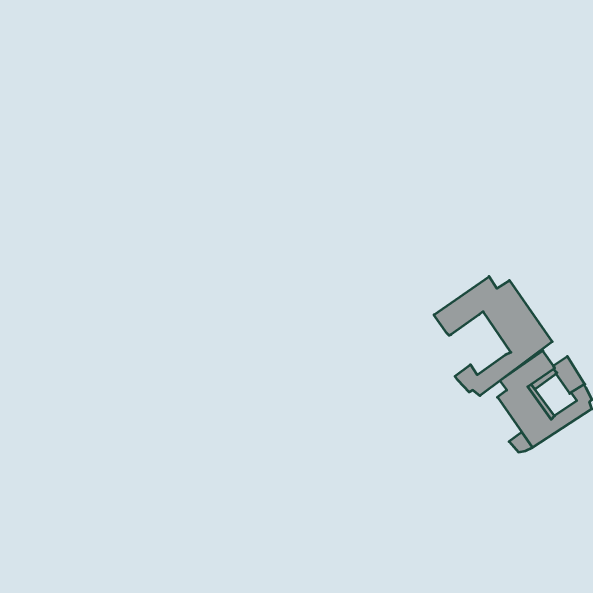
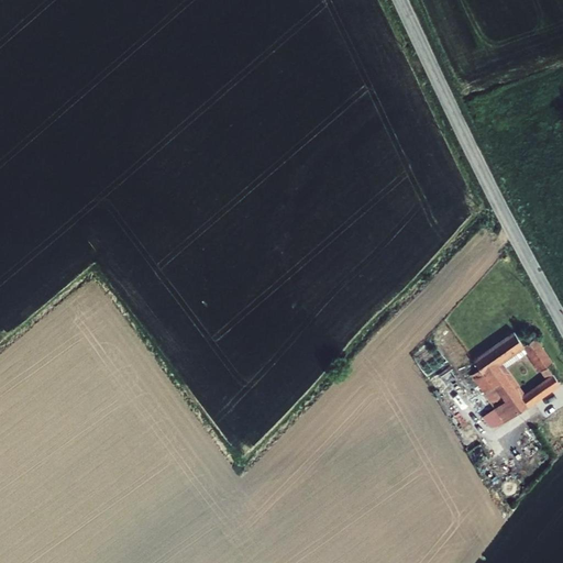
building: [434,276,552,396] -> none

